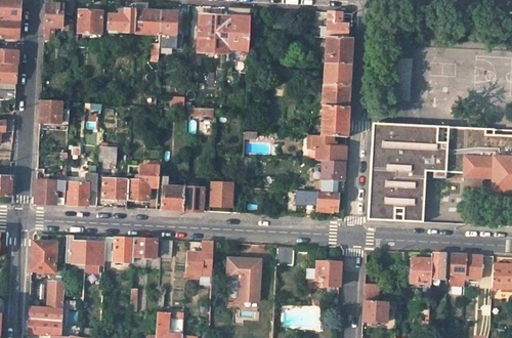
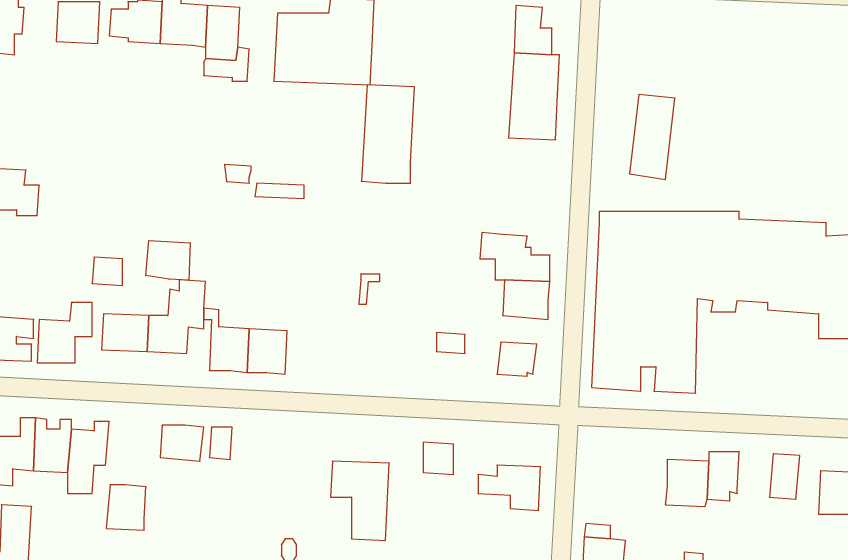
building: [319,83,348,136] -> [361,85,414,183]
building: none -> [146,241,190,280]
building: [211,181,231,206] -> none
building: [114,238,135,262] -> [106,485,146,530]
building: [186,242,213,278] -> none
building: [446,253,466,284] -> none

